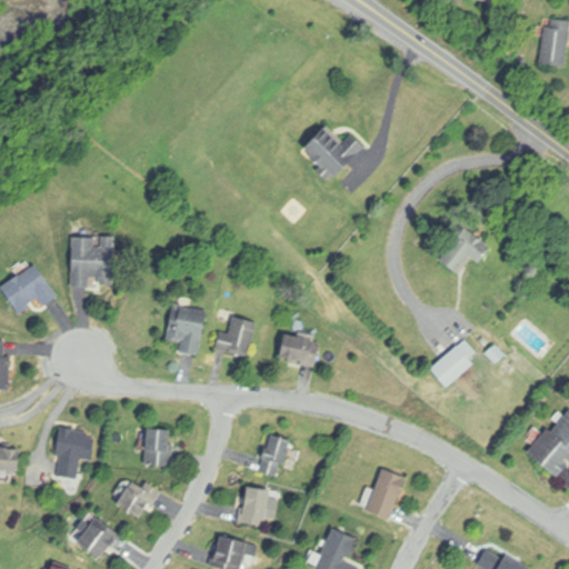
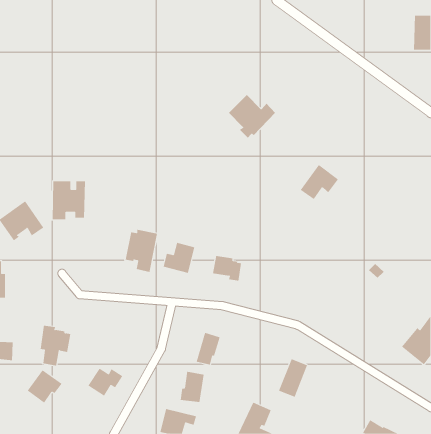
building: [438,227,489,273] -> [300,164,339,200]
building: [428,345,472,388] -> none
building: [141,428,171,468] -> none
building: [73,517,120,561] -> [27,369,62,403]

